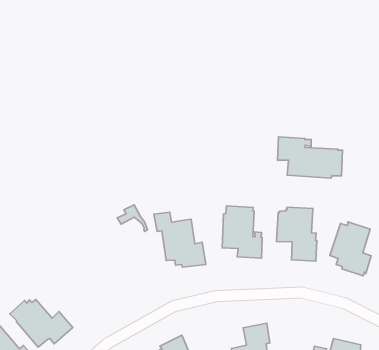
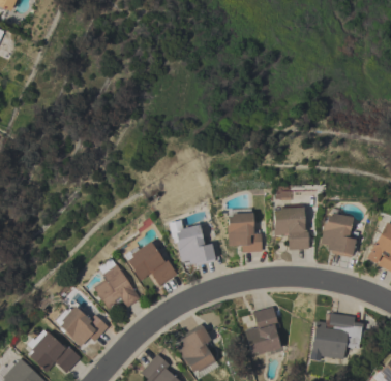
building: [278,137,342,178] -> none
building: none -> [124,241,177,285]
building: none -> [93,258,141,309]

